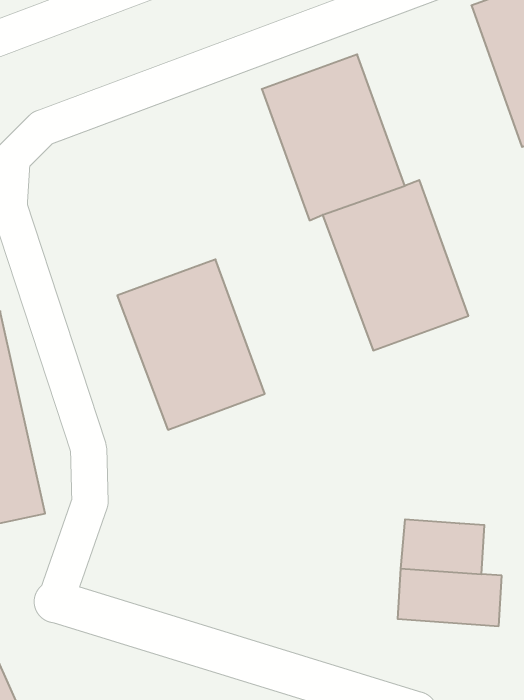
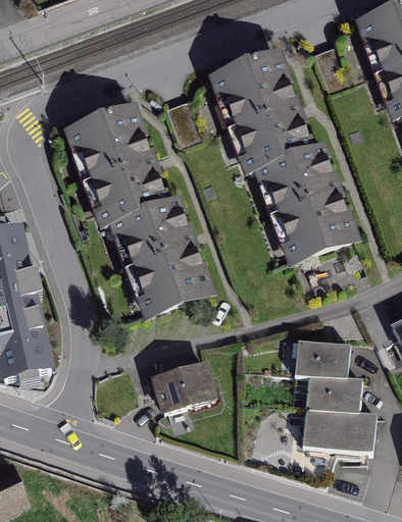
building: none -> [61,102,164,223]
building: none -> [296,343,350,380]
building: none -> [154,361,219,414]

